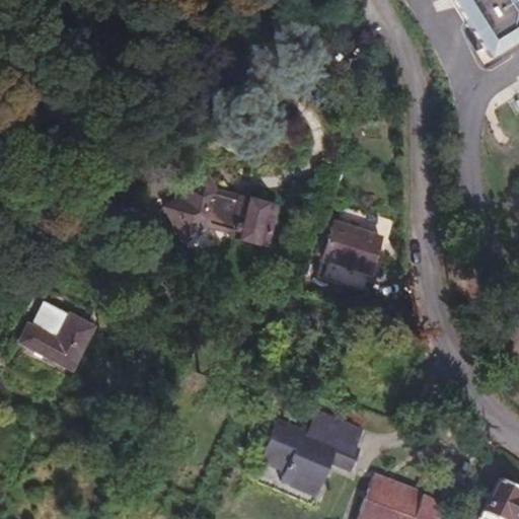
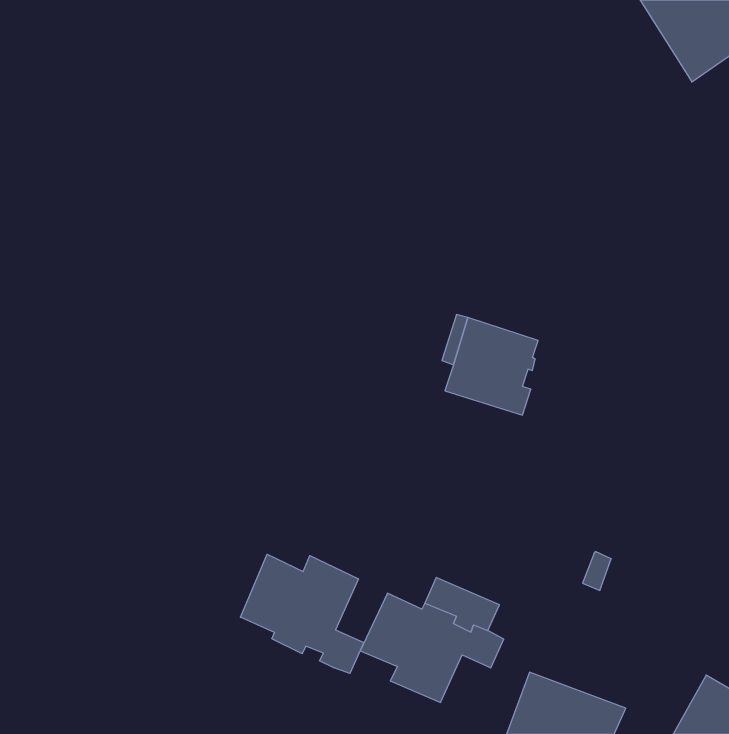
building: [155,169,283,248] -> none
building: [24,301,94,368] -> none
building: none -> [240,554,364,673]

